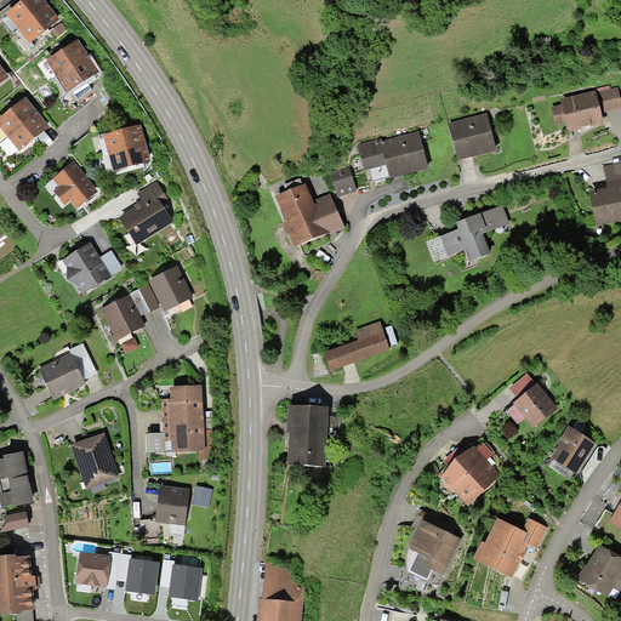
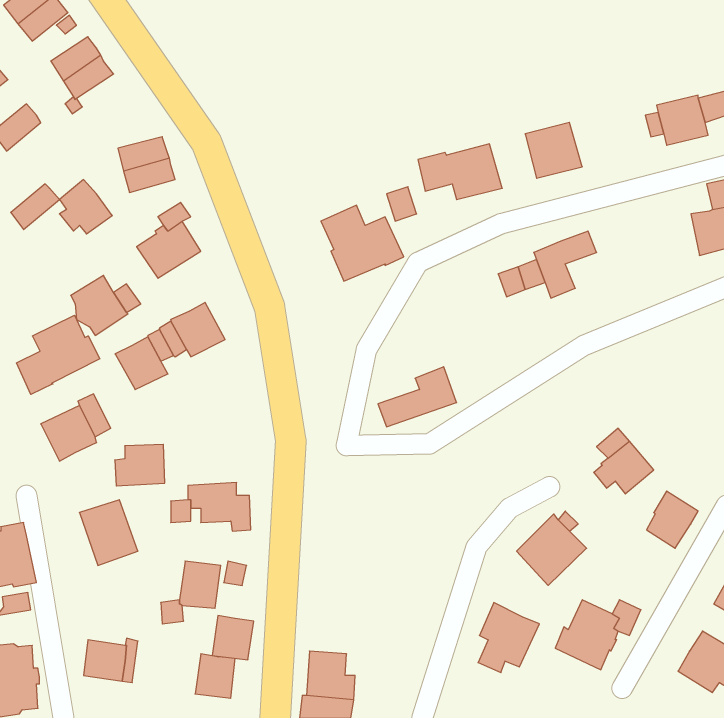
building: [7,113,49,152] -> [11,184,59,230]
building: none -> [17,315,100,394]
building: [160,386,203,421] -> [115,444,165,486]
building: [286,405,327,467] -> none
building: [124,558,159,596] -> [212,616,254,660]

